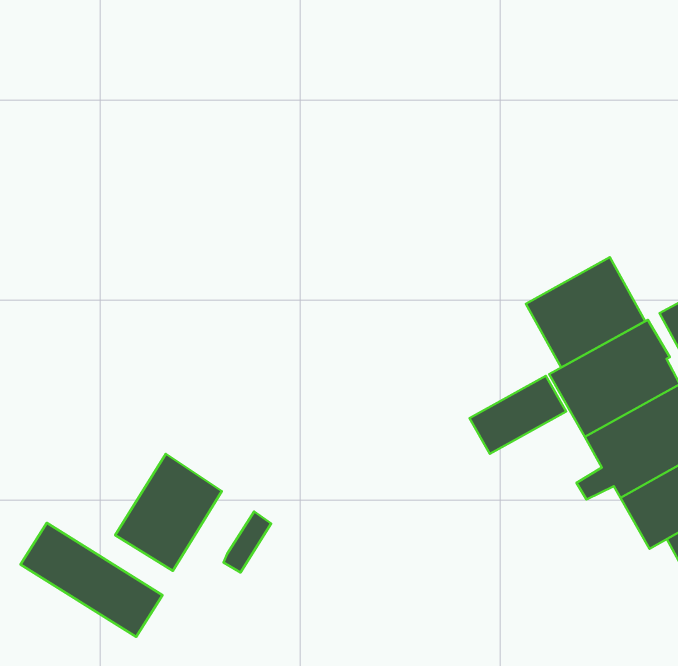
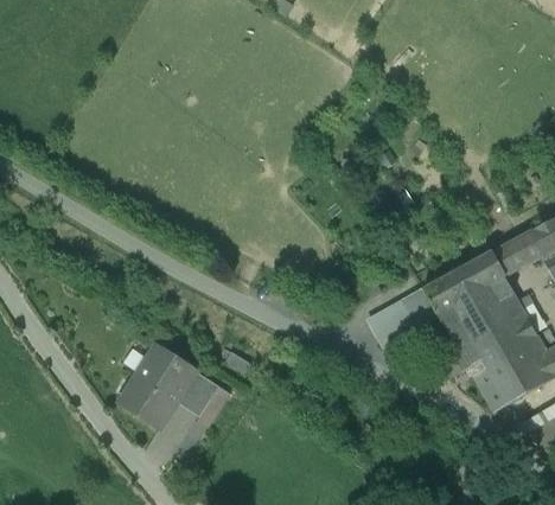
building: [526,257,645,368] -> none
building: none -> [176,370,217,414]
building: [20,523,163,637] -> none

